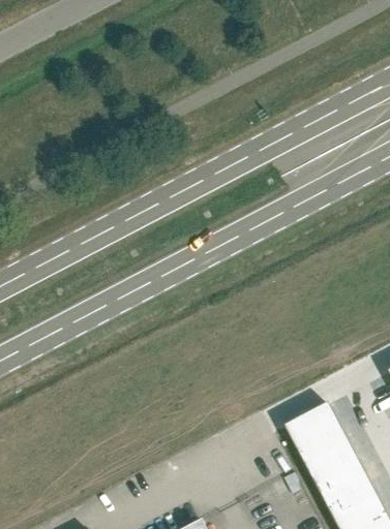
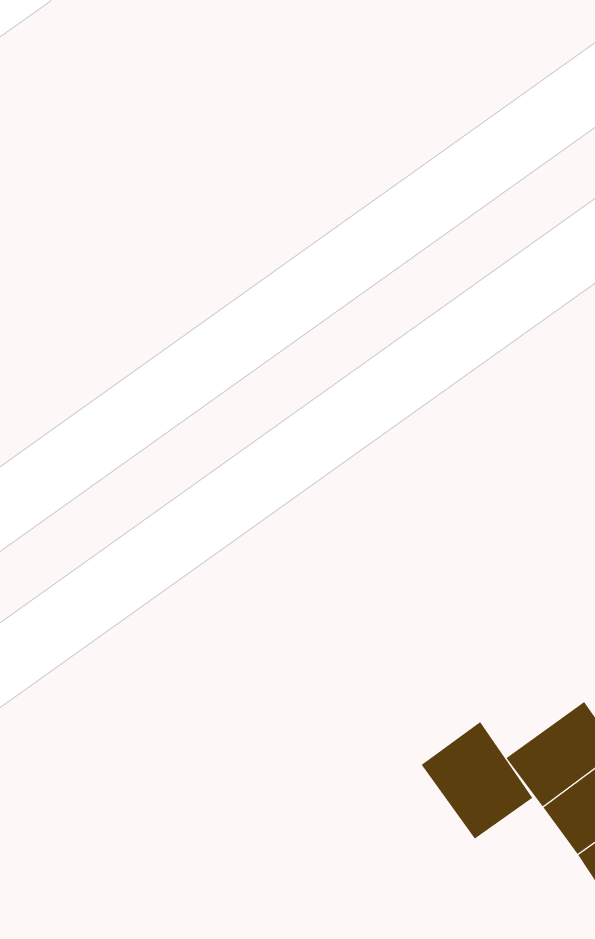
building: none -> [421,721,533,839]

